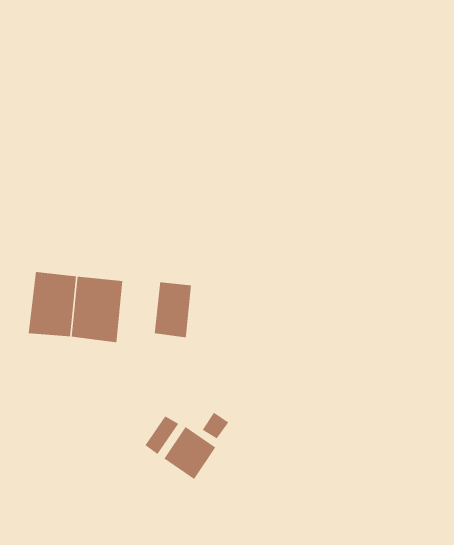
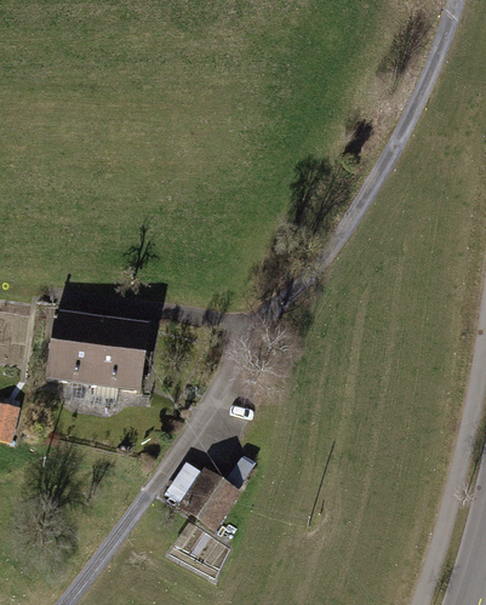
building: [154,282,191,338] -> none

